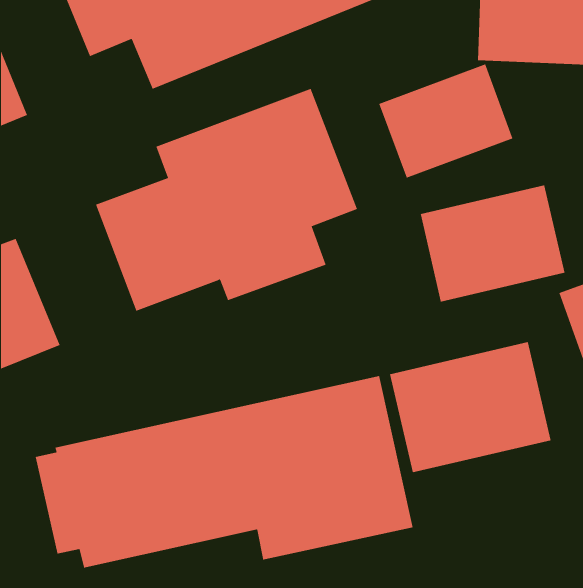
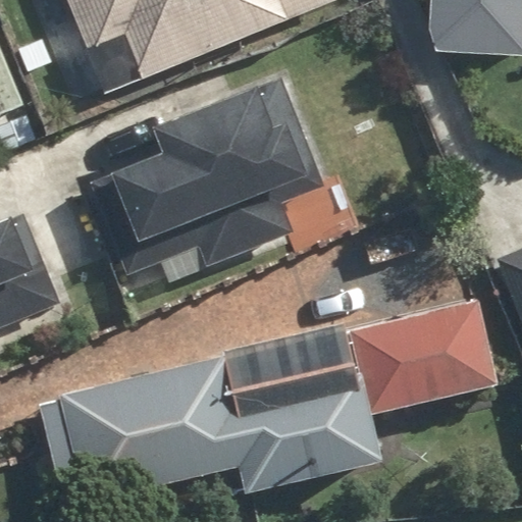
building: [379,64,513,179] -> none
building: [420,184,565,302] -> none

